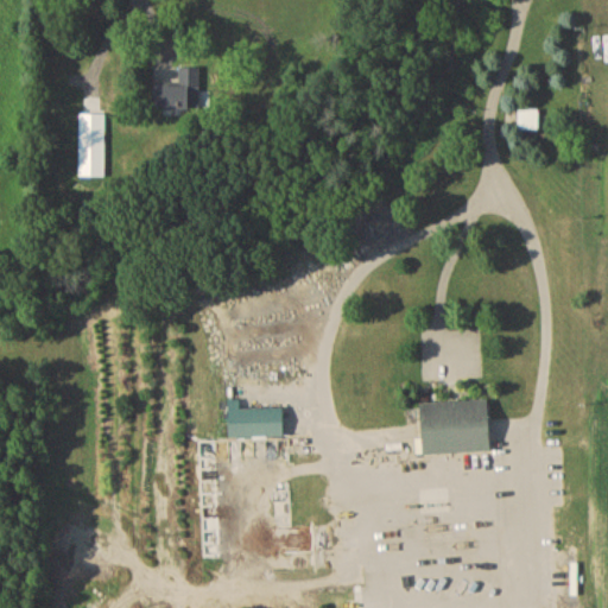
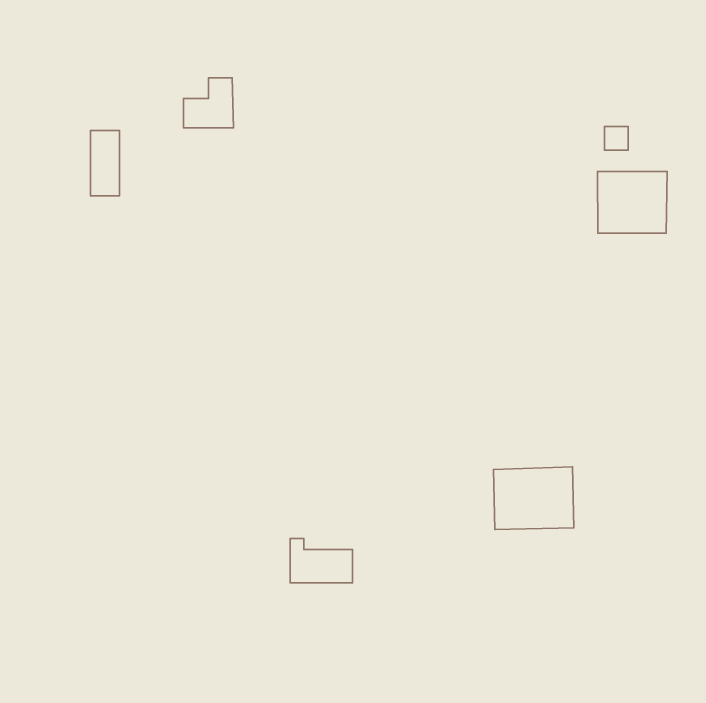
building: none -> [597,171,667,233]
building: [229,398,283,436] -> [290,538,353,583]

